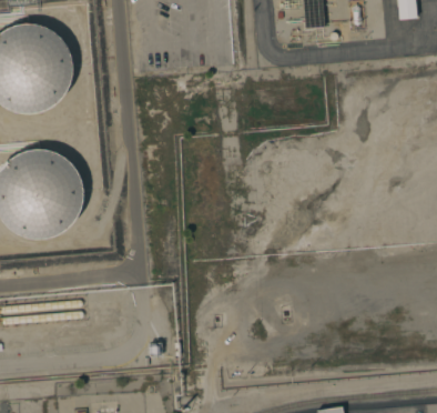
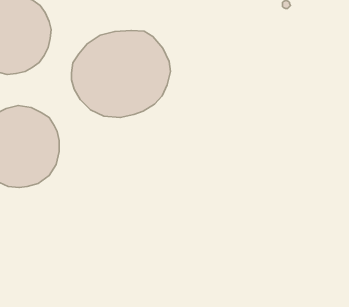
building: none -> [72,31,171,118]

